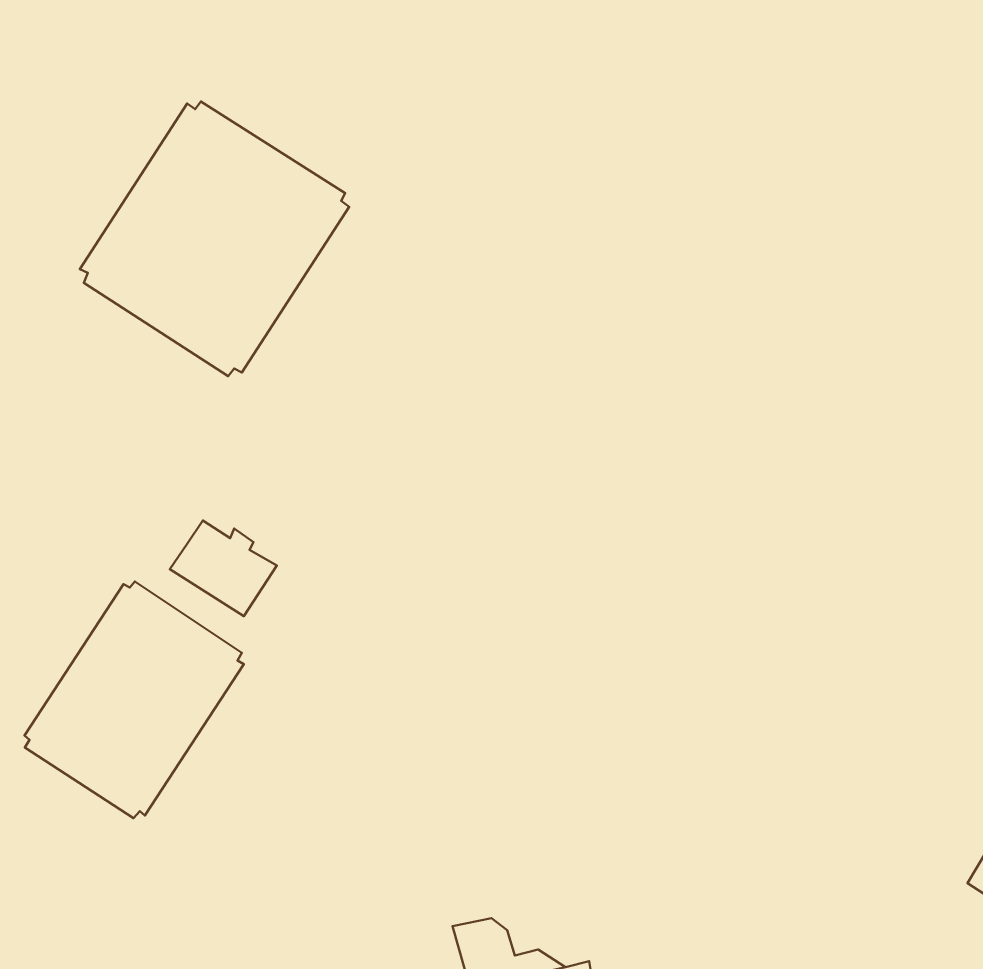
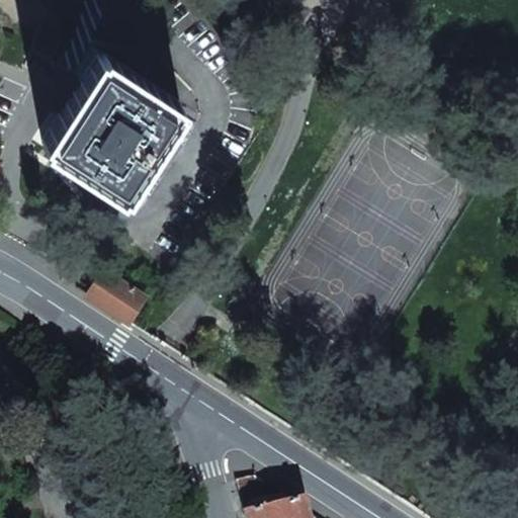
building: [24,581,244,818] -> none

